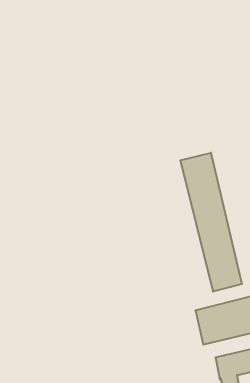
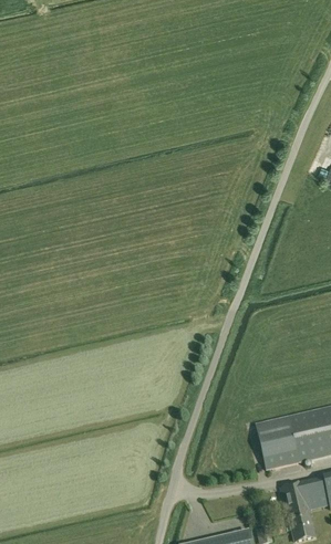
building: [180,153,242,292] -> none

